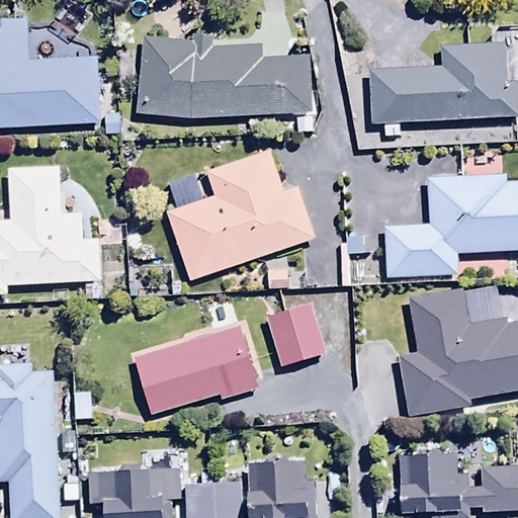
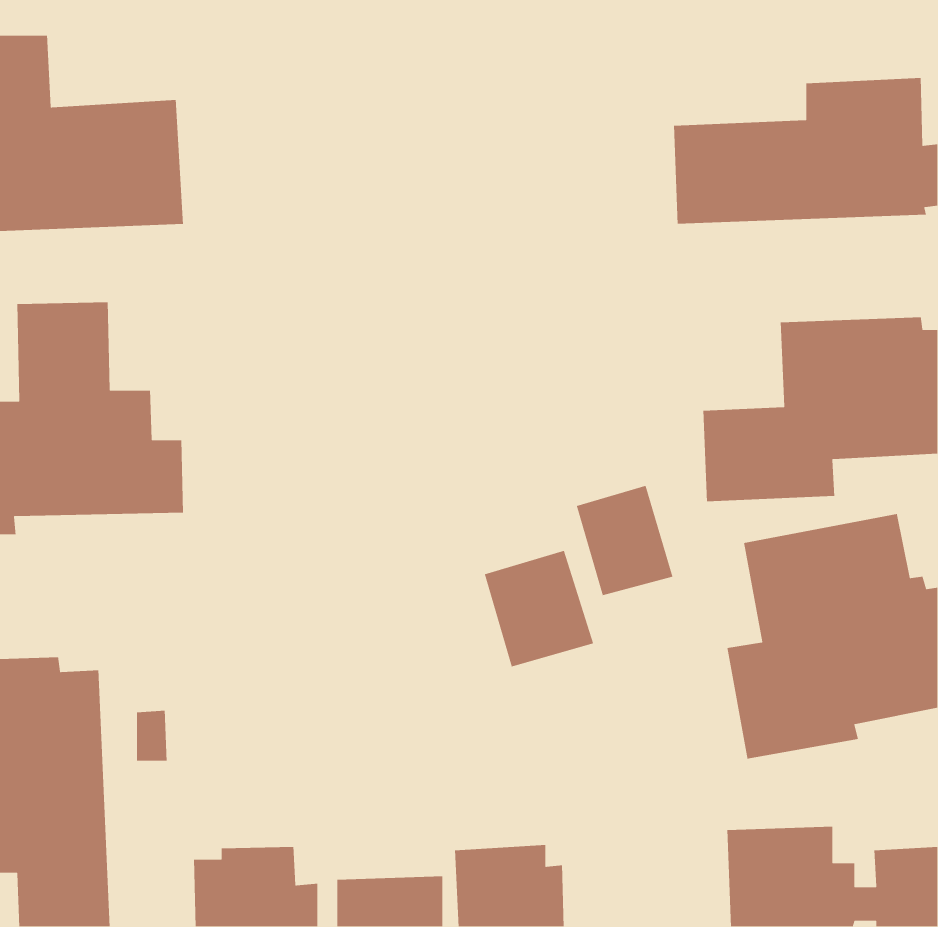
building: [135,32,314,118] -> none
building: [167,149,318,281] -> none
building: none -> [576,485,674,596]
building: [134,325,257,415] -> none

